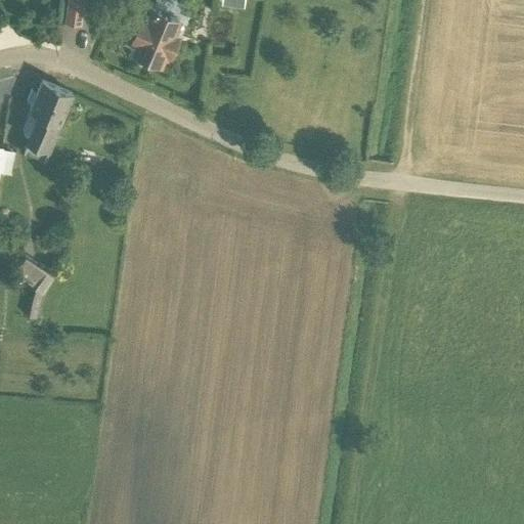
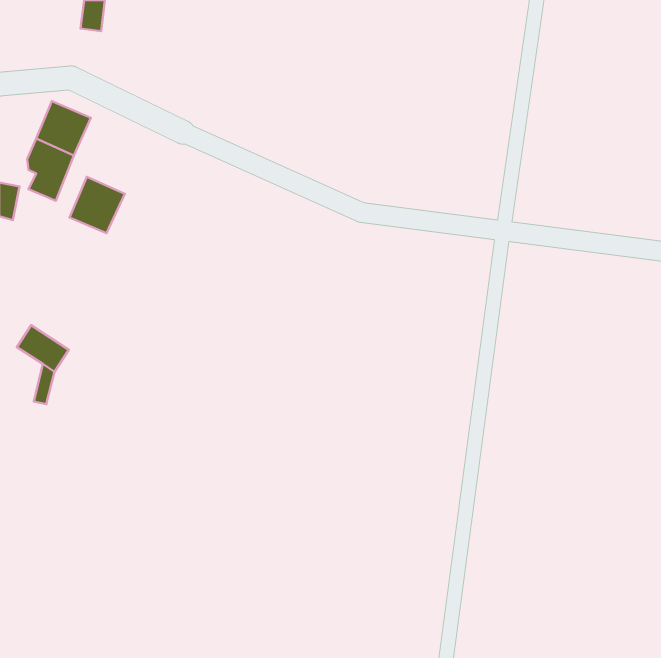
building: [133,10,177,64] -> none
building: none -> [70,177,125,233]

